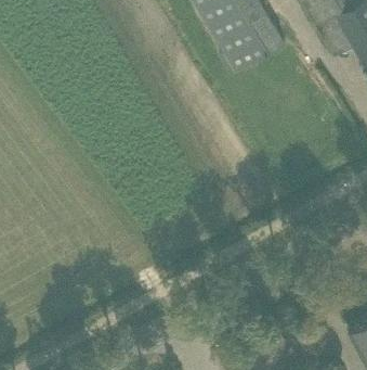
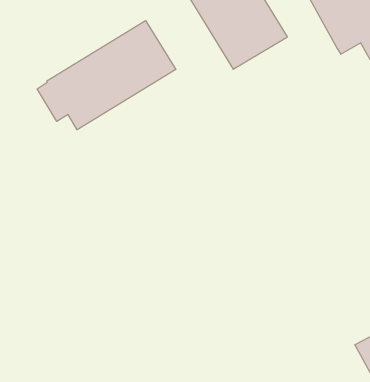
building: none -> [37,21,176,130]

